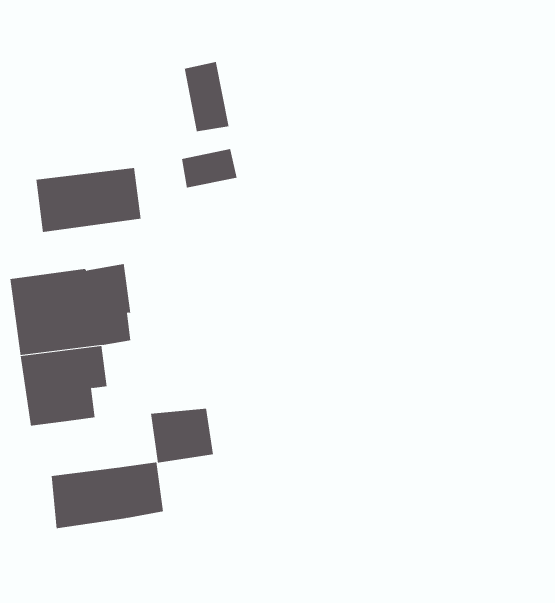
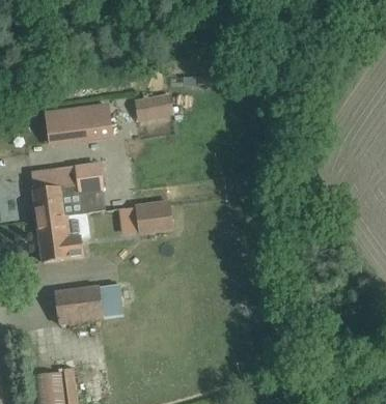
building: [184,61,229,132] -> none
building: [150,408,214,463] -> [135,206,173,239]

